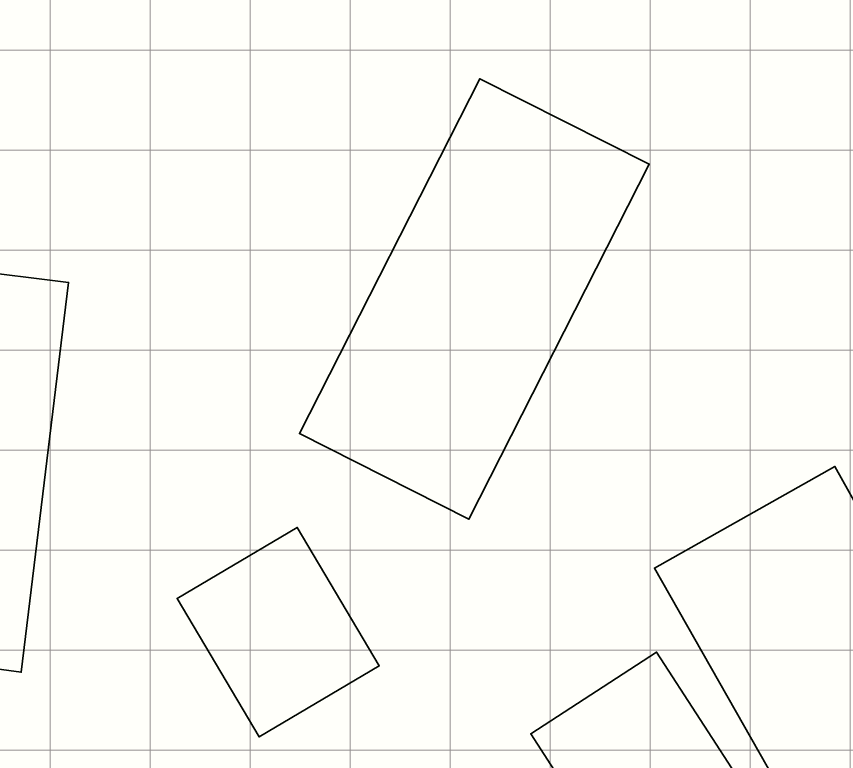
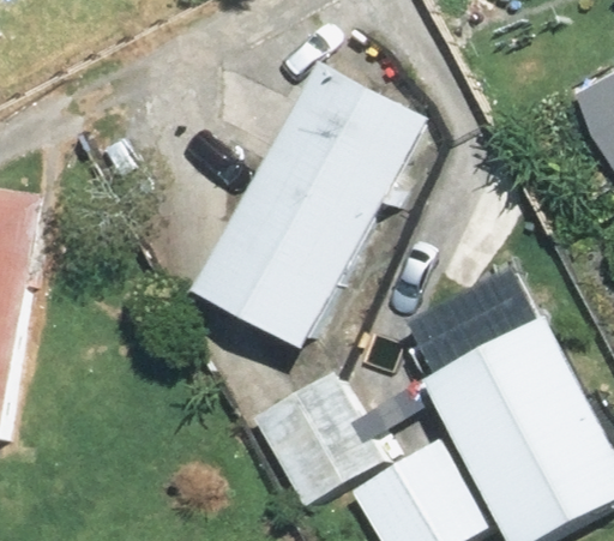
building: [177,527,379,737] -> [251,371,384,509]

